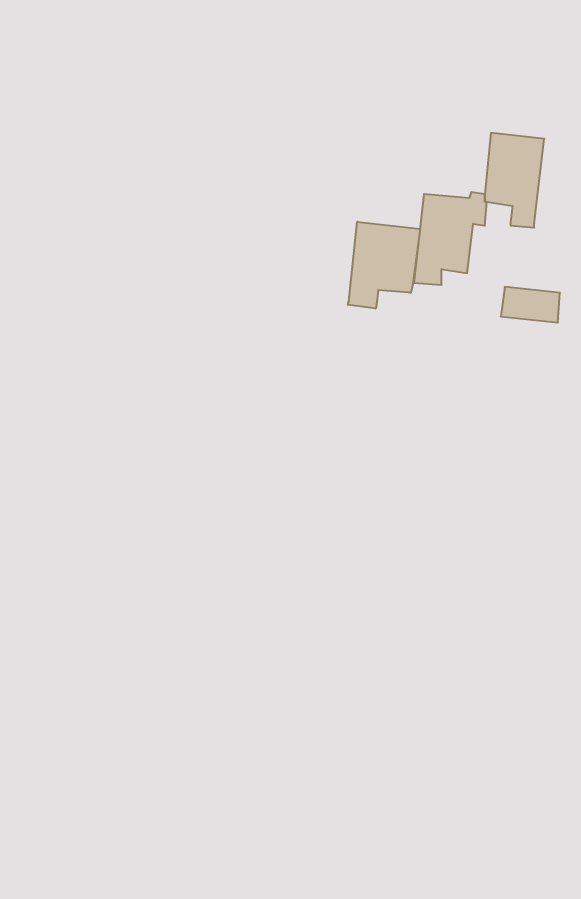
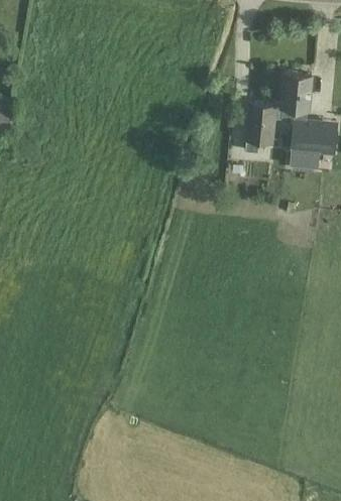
building: none -> [290,119,324,155]
building: [348,222,420,309] -> none

